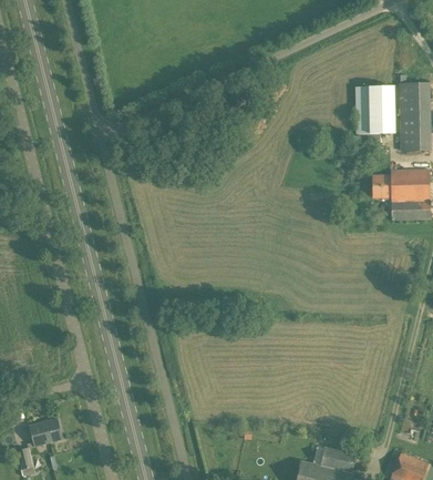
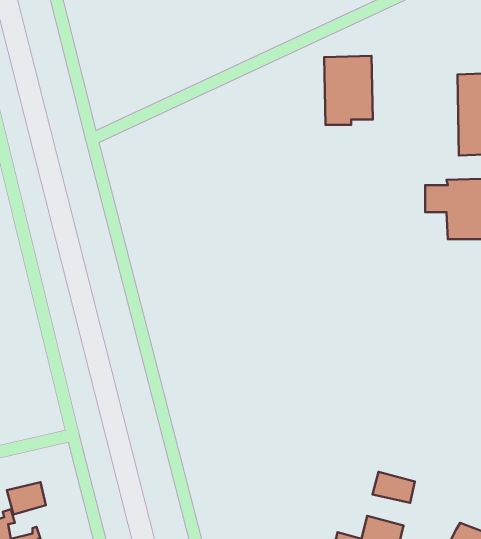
building: [357,83,396,140] -> [324,56,373,125]
building: none -> [372,472,415,503]

